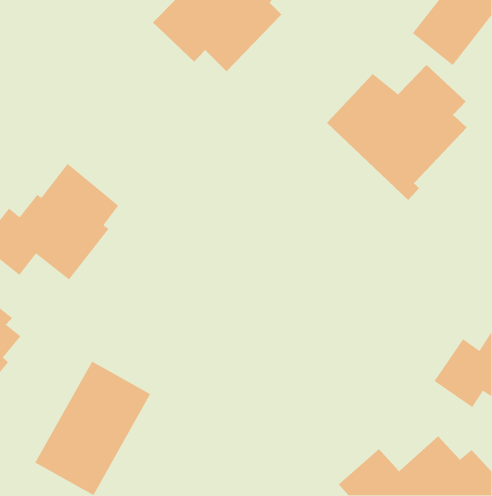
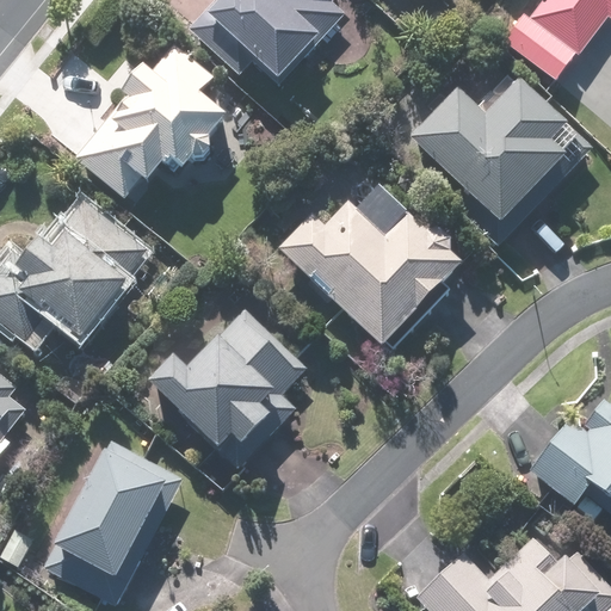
building: none -> [78,45,234,198]
building: none -> [279,200,467,348]
building: none -> [152,311,306,490]

